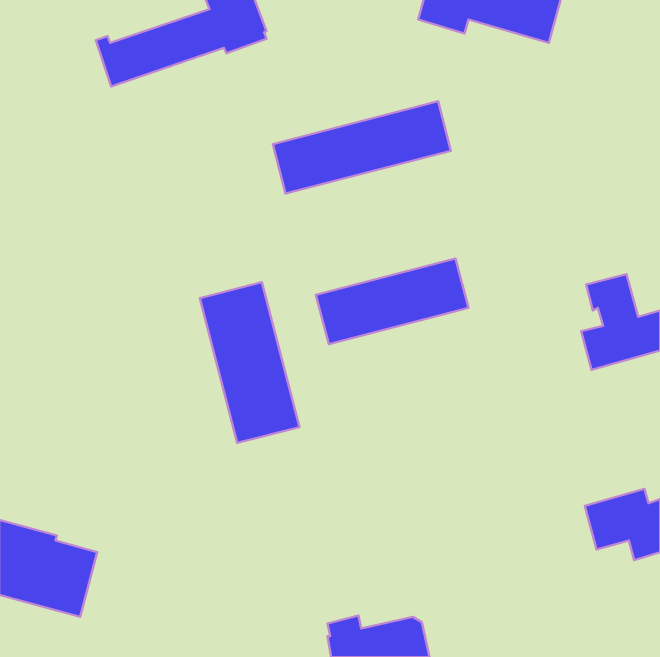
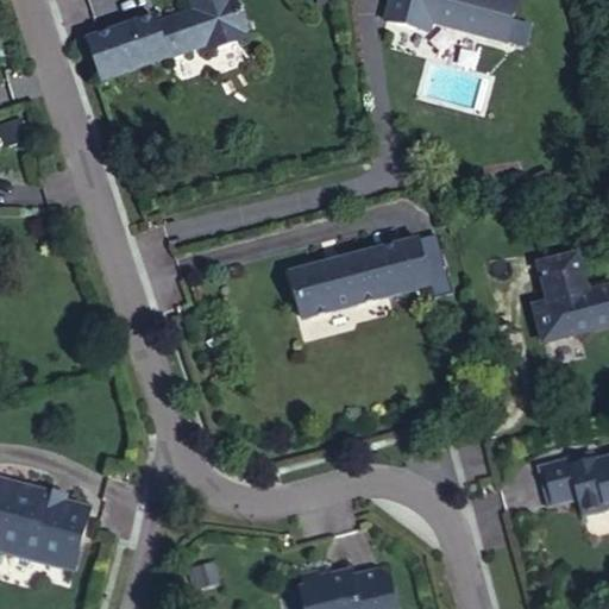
building: [273,101,451,194] -> none
building: [200,282,299,443] -> none

